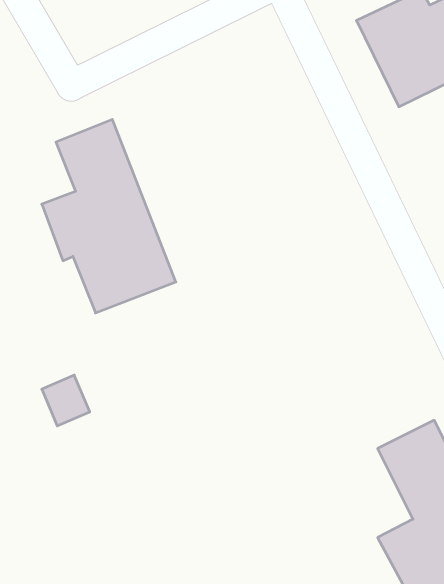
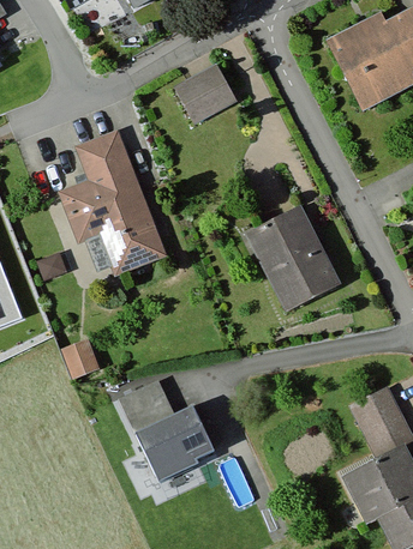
building: none -> [168,61,237,127]
building: none -> [243,165,340,313]
building: none -> [118,379,216,481]

